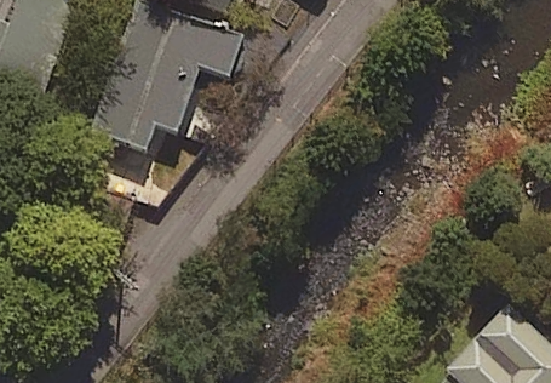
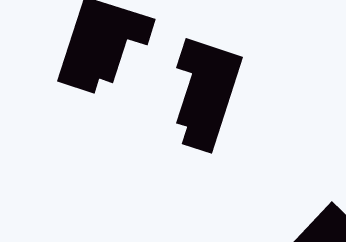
building: none -> [175,37,244,155]

